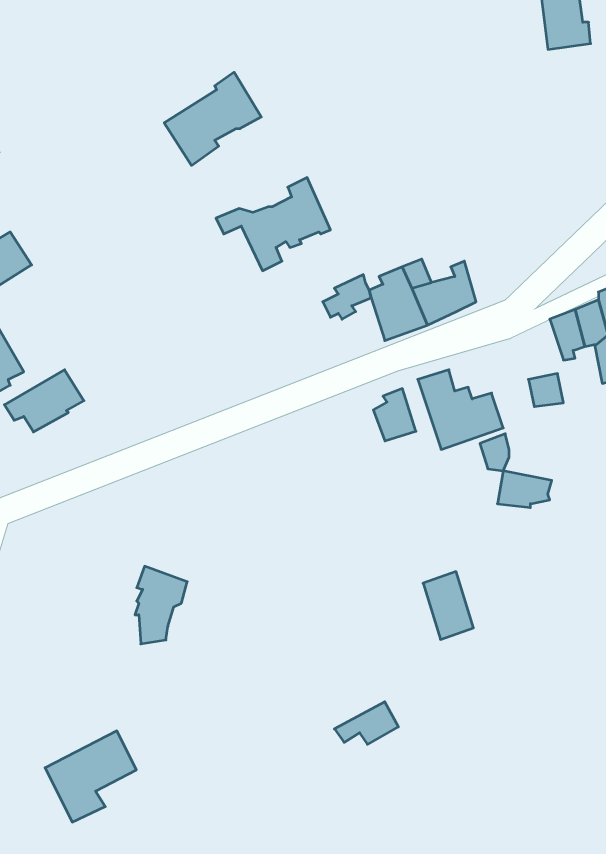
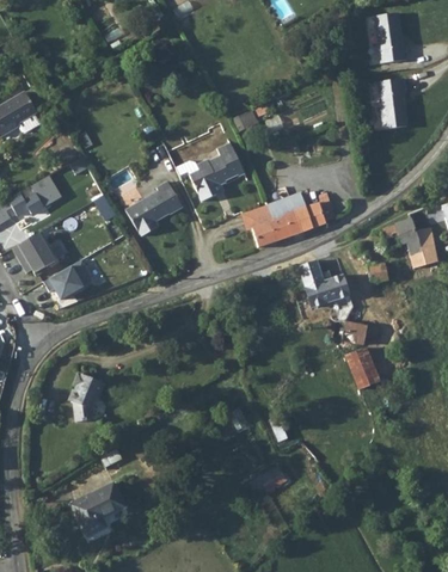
building: [164,72,261,165] -> [124,180,184,238]
building: none -> [378,76,406,128]
building: [373,389,416,441] -> [252,215,278,247]
building: [135,566,187,644] -> [72,374,104,422]
building: [423,572,473,639] -> [348,350,379,392]

